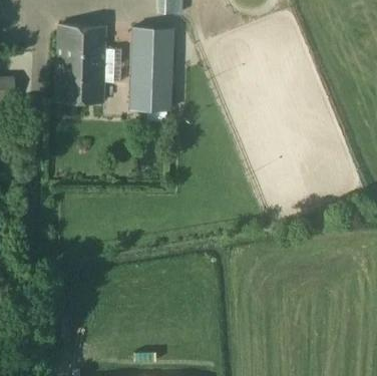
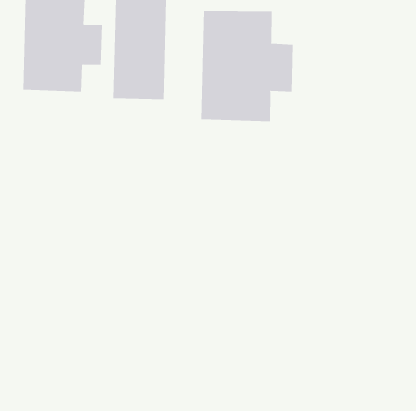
building: none -> [201,10,293,122]

